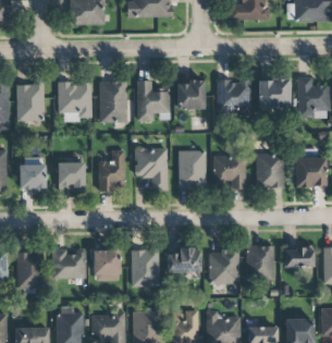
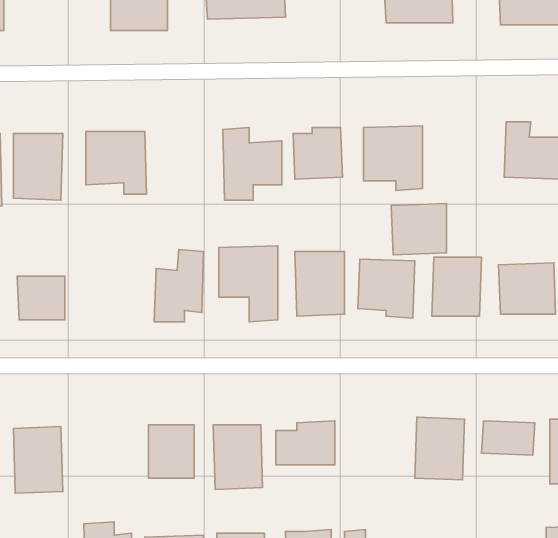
building: [258,78,290,108] -> [391,203,446,255]
building: [99,81,127,122] -> none
building: [57,161,85,191] -> none
building: [51,248,86,278] -> none
building: [209,249,239,283] -> none

